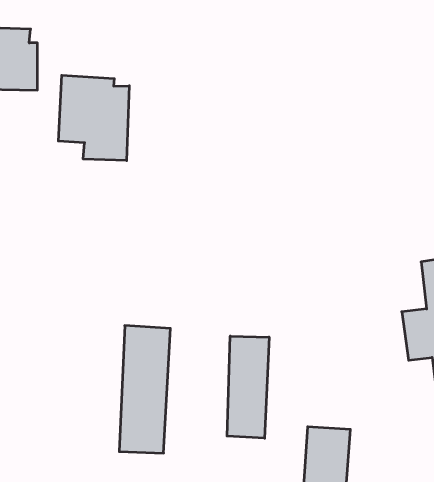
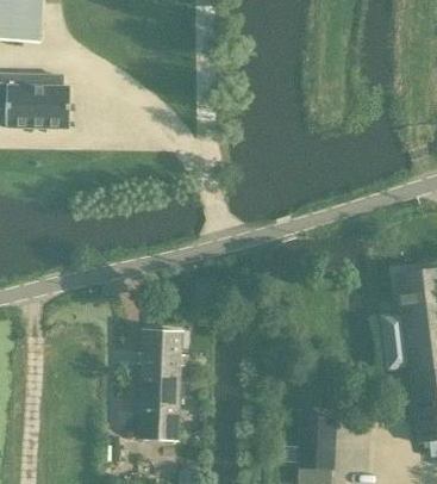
building: [58,75,129,161] -> none
building: [227,336,269,438] -> none

